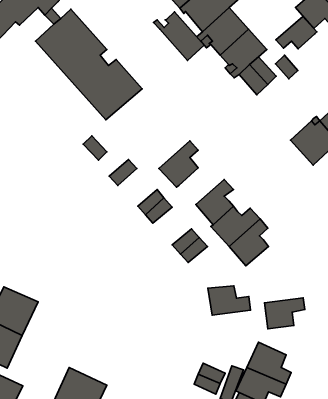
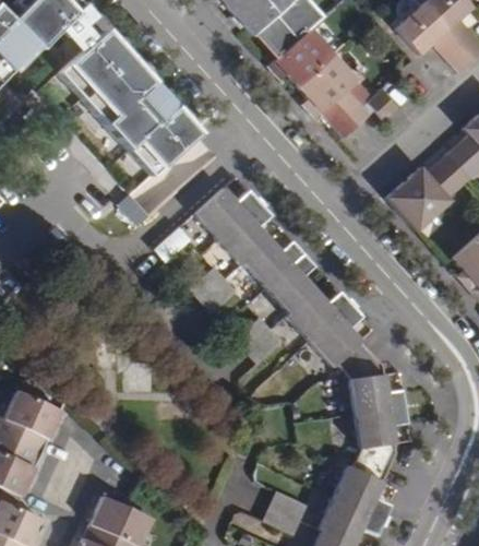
building: [154,12,204,60] -> none
building: [276,16,317,49] -> none
building: none -> [195,185,259,237]
building: none -> [244,236,303,284]
building: [208,286,251,315] -> [350,373,406,412]

